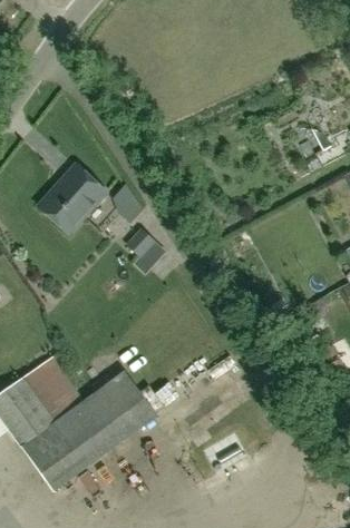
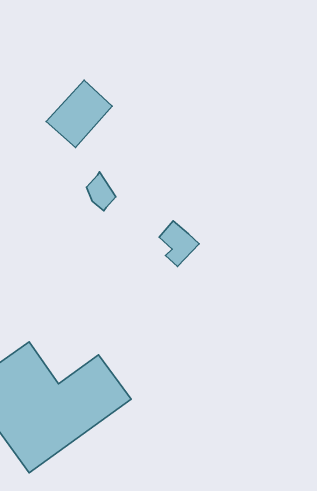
building: [37,165,105,234] -> [46,80,112,147]
building: [125,228,166,275] -> [159,221,199,266]

